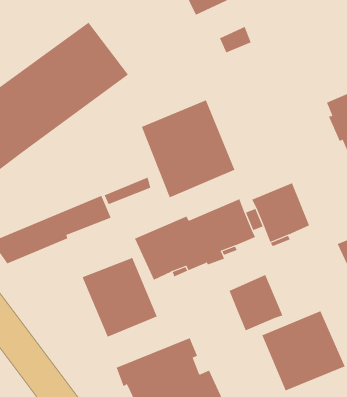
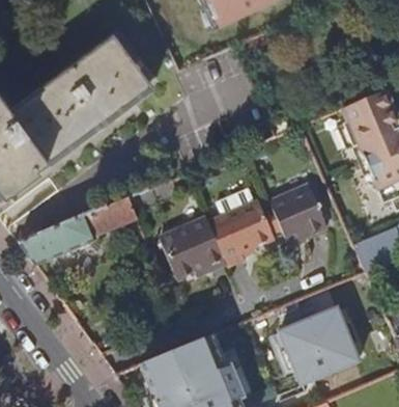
building: [141,100,235,198] -> none
building: [82,257,158,337] -> none
building: [229,274,283,331] -> none

